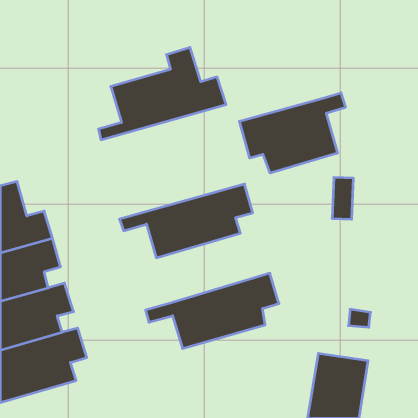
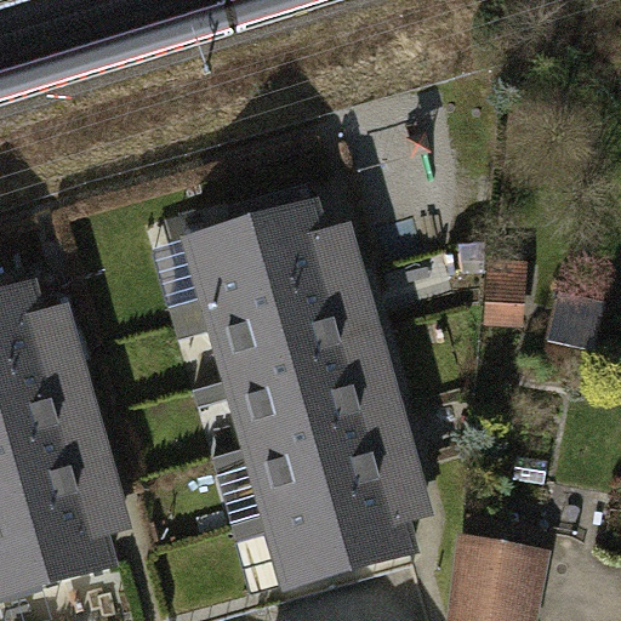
building: [98,47,226,140] -> [173,188,363,325]
building: [239,93,345,173] -> none
building: none -> [196,338,393,450]
building: none -> [234,475,429,586]

